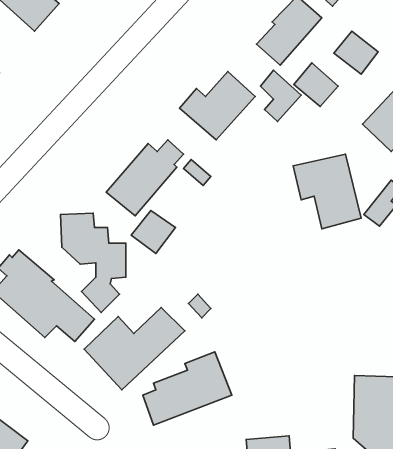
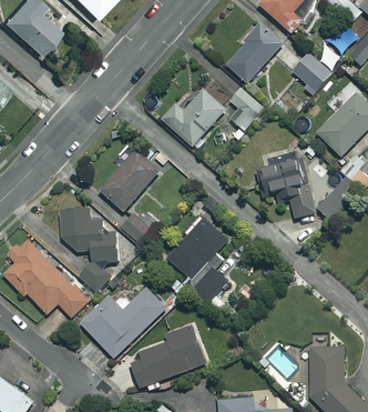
building: [294,63,338,107] -> none
building: none -> [167,214,231,302]

